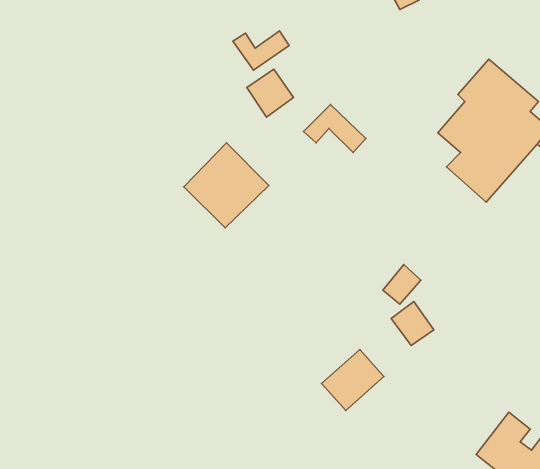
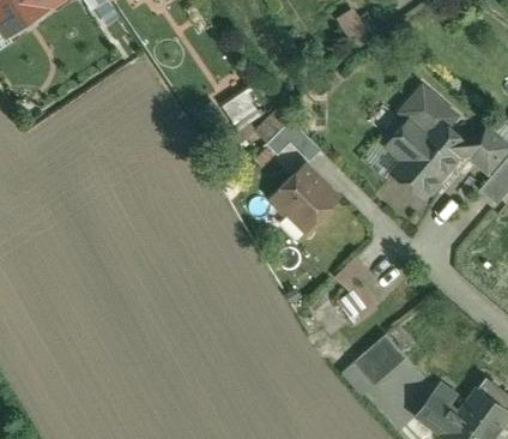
building: [233,31,289,70] -> none
building: [184,143,269,228] -> [268,162,340,234]
building: [322,349,384,410] -> [353,335,406,386]

